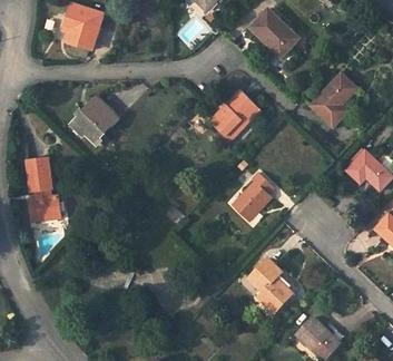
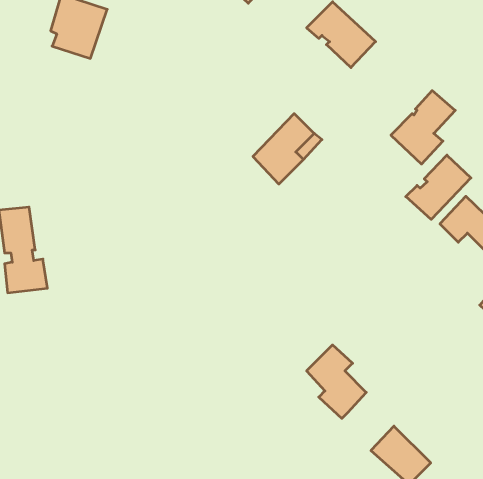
building: [70,97,118,145] -> none
building: none -> [406,155,471,219]
building: [232,173,273,221] -> none

